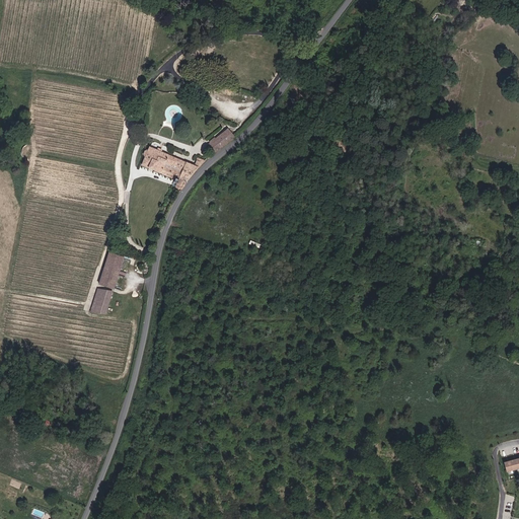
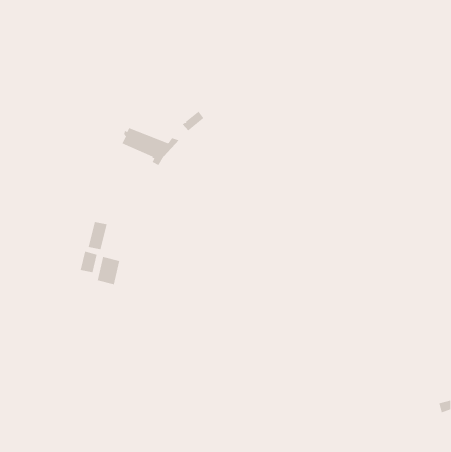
building: none -> [97,256,120,285]

